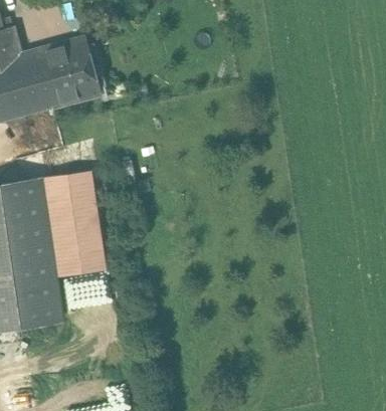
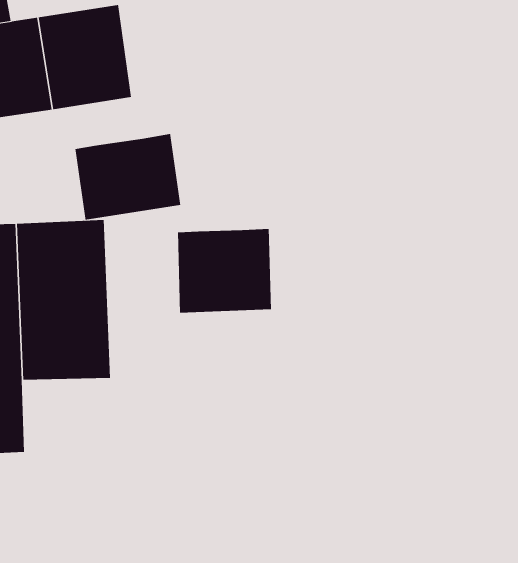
building: none -> [75,133,181,220]
building: none -> [177,228,271,314]

